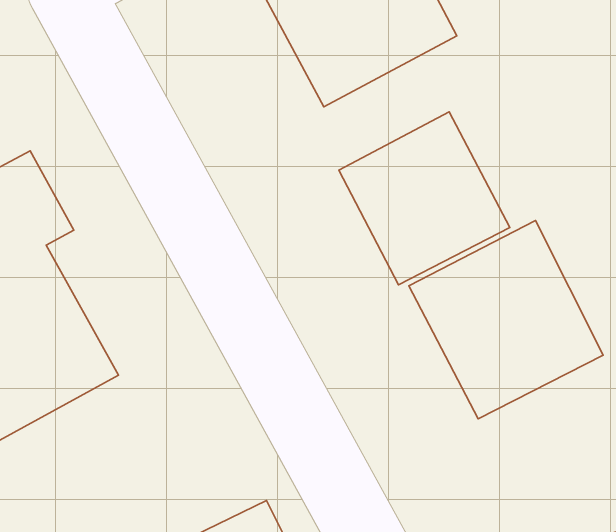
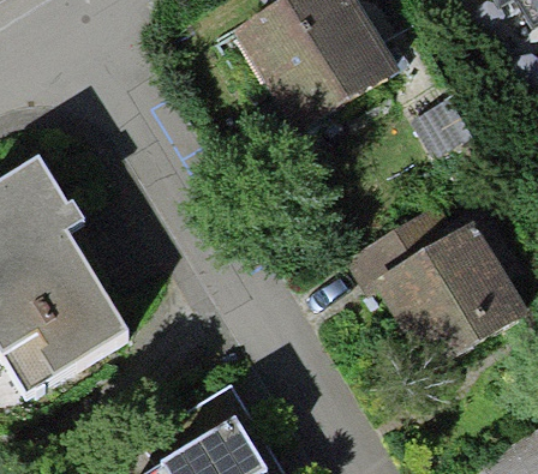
building: [339,112,510,285] -> none

